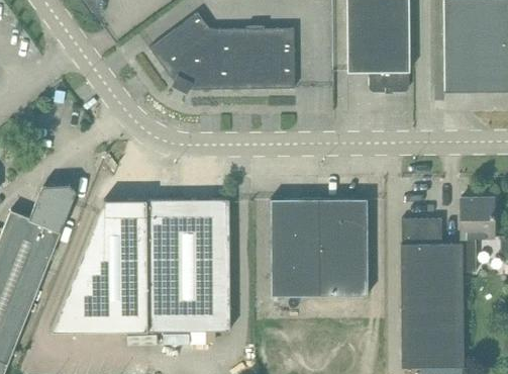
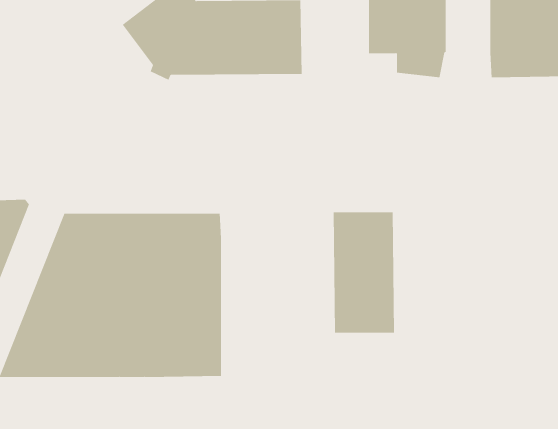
building: [401,197,494,367] -> none
building: [271,198,320,296] -> none

